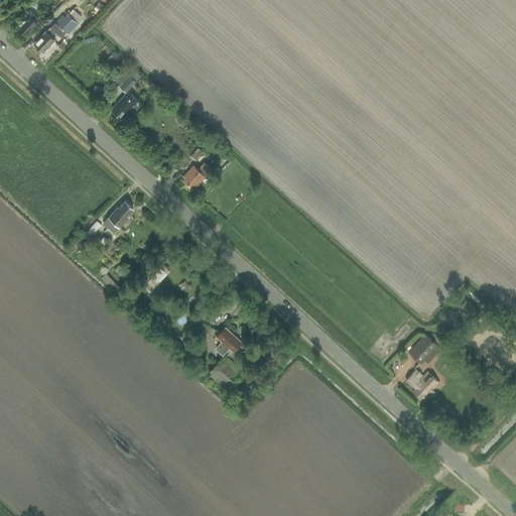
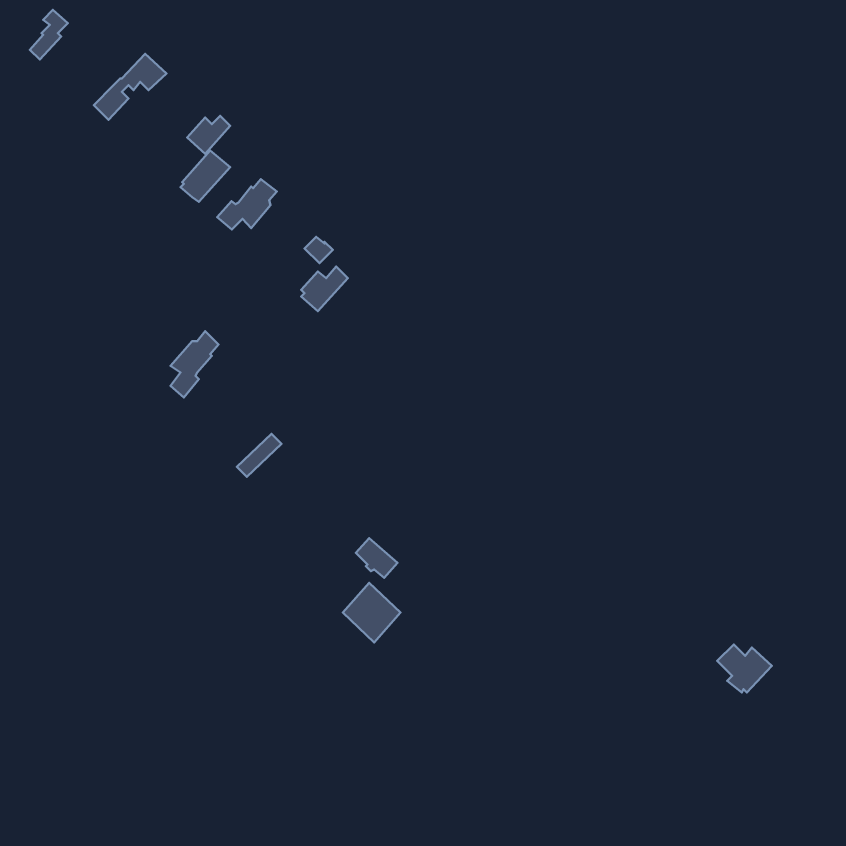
building: [34,12,79,52] -> [94,54,167,120]
building: none -> [217,179,277,229]
building: [409,335,436,363] -> none
building: [406,370,439,399] -> [717,644,772,692]

